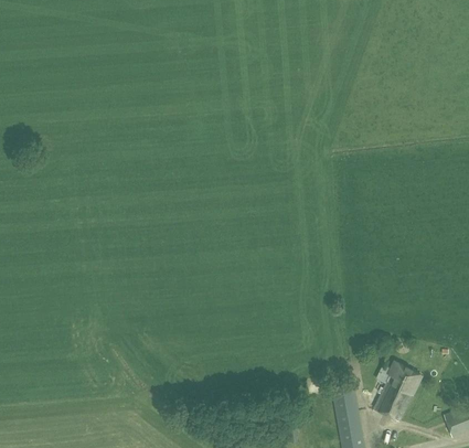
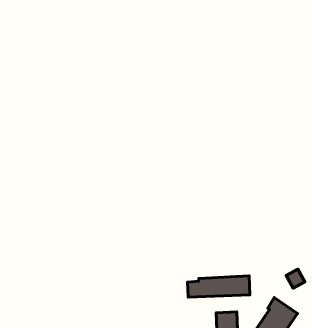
building: none -> [188,276,250,297]

